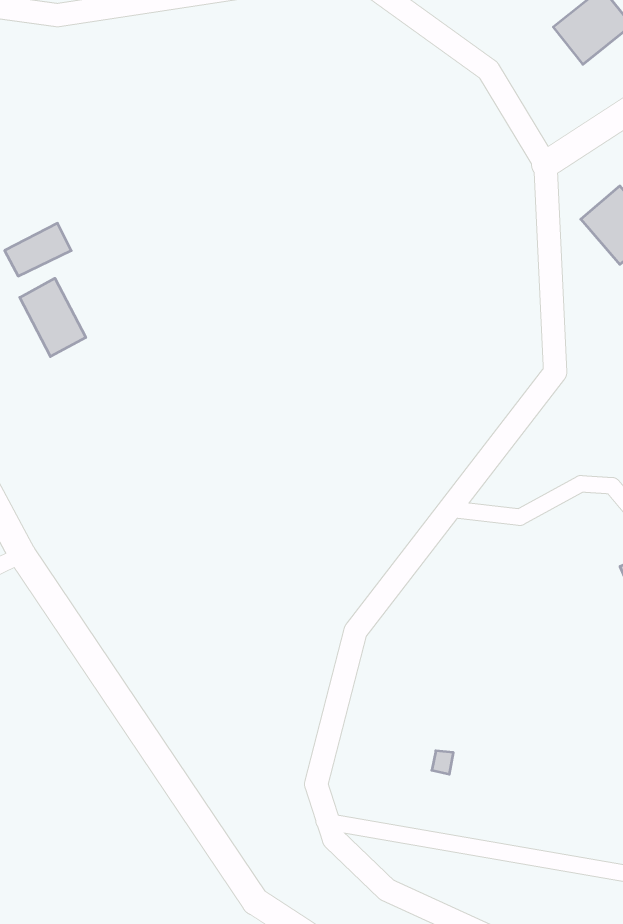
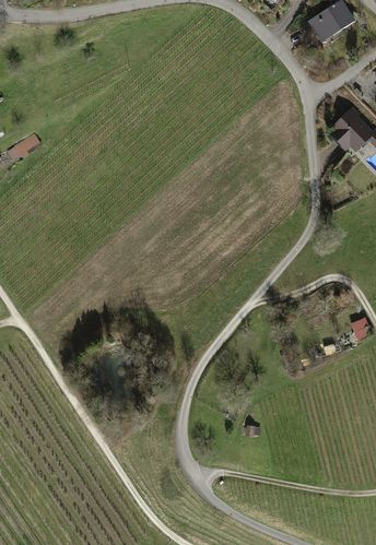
building: [20,278,86,357] -> none

